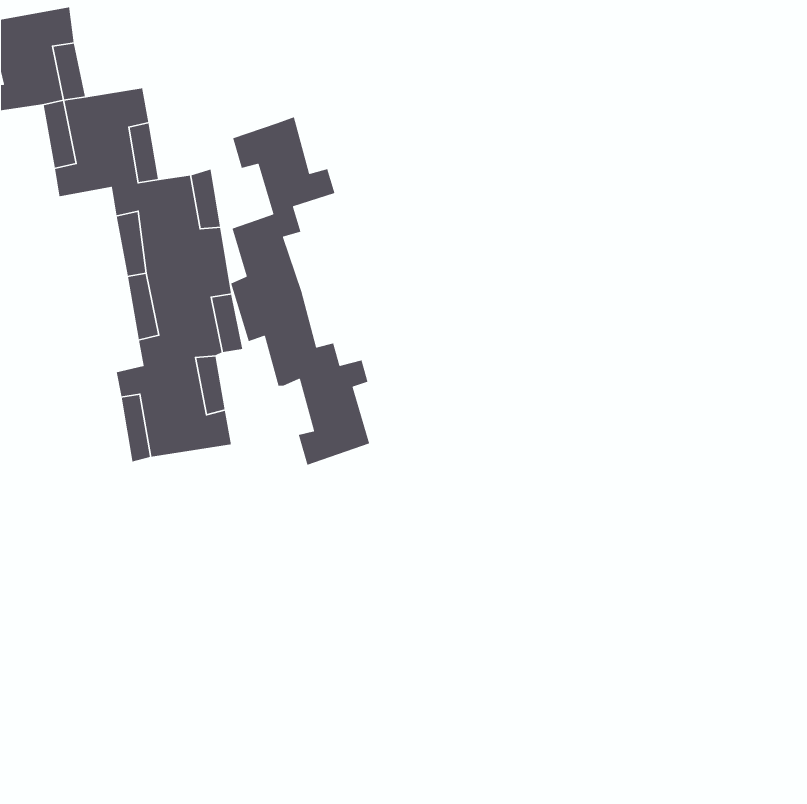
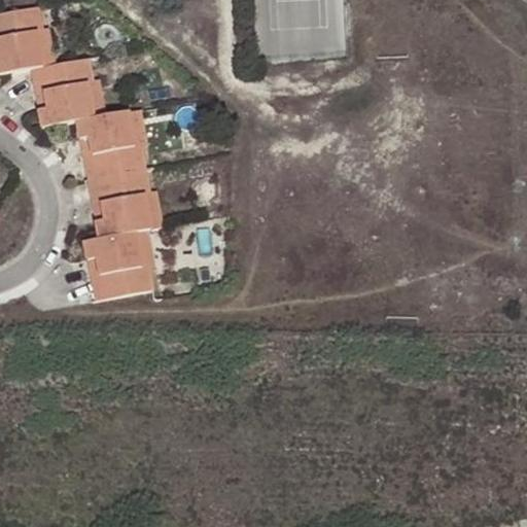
building: [230,116,370,466] -> none

